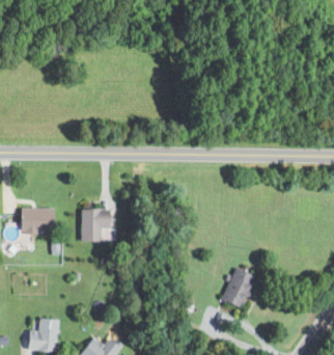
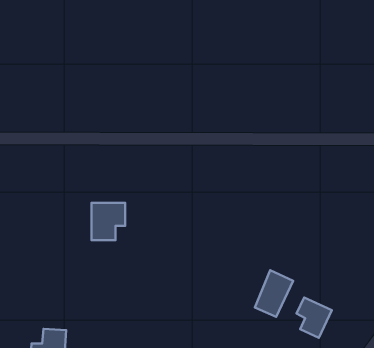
building: [21,209,54,233] -> none
building: none -> [297,297,332,338]

